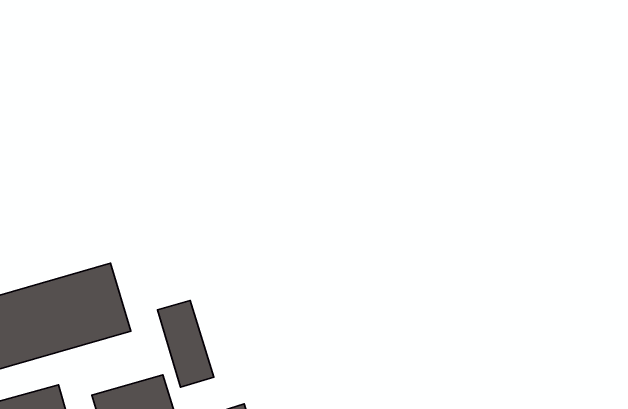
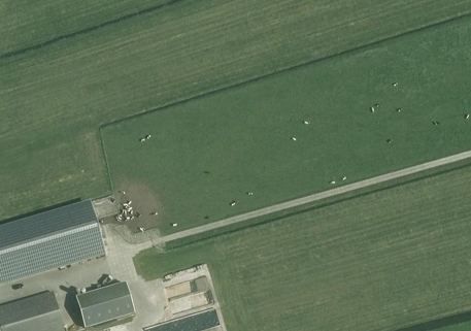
building: [158,301,214,387] -> none

